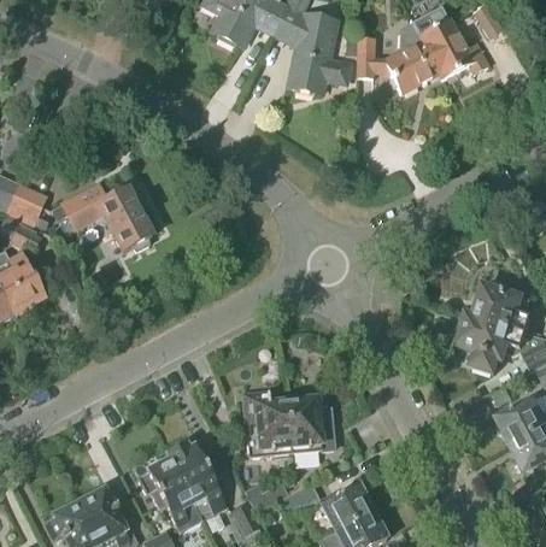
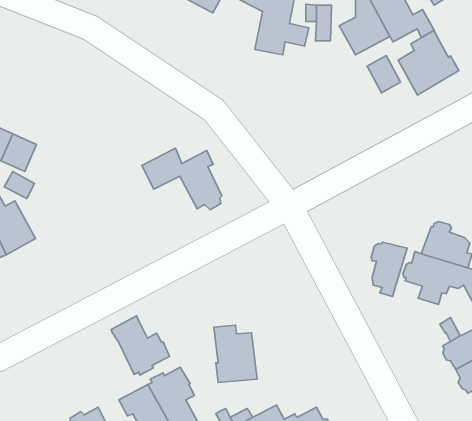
building: none -> [398,30,459,95]
building: none -> [367,55,401,93]
building: [60,184,149,253] -> [142,148,222,210]
building: none -> [371,242,407,297]
building: none -> [111,316,169,375]
building: [284,398,333,455] -> none

